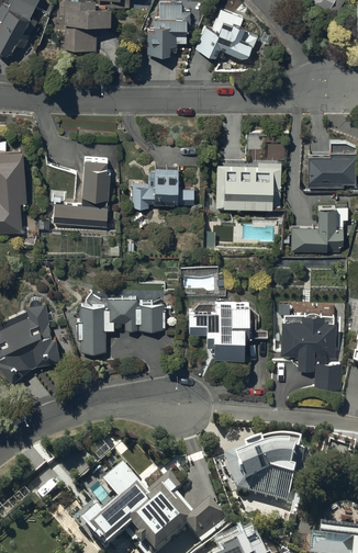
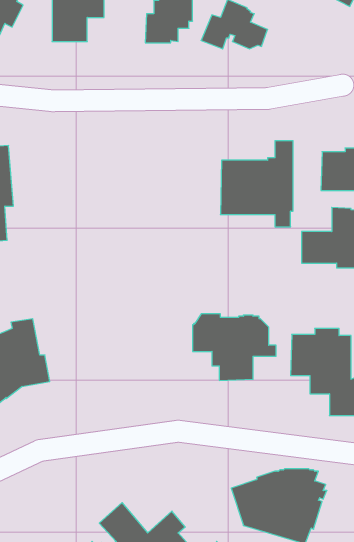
building: [48,158,109,228] -> none
building: [131,165,193,207] -> none
building: [78,297,168,354] -> none

